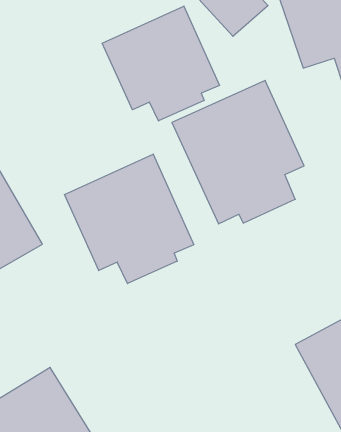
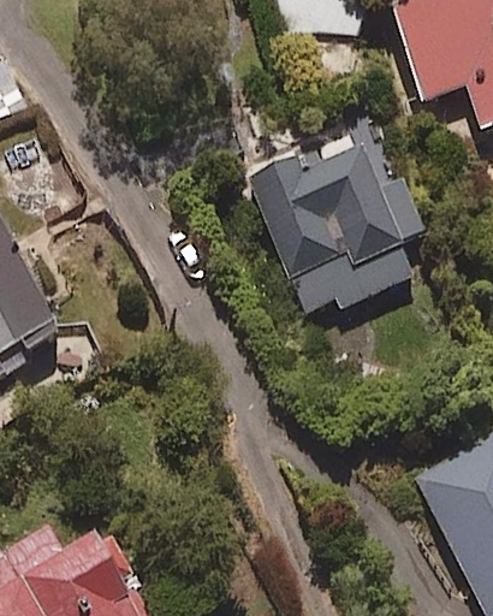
building: [102,6,219,121] -> none
building: [64,154,194,284] -> none

